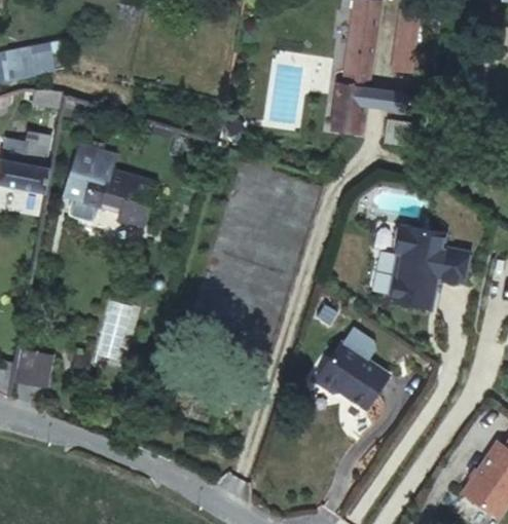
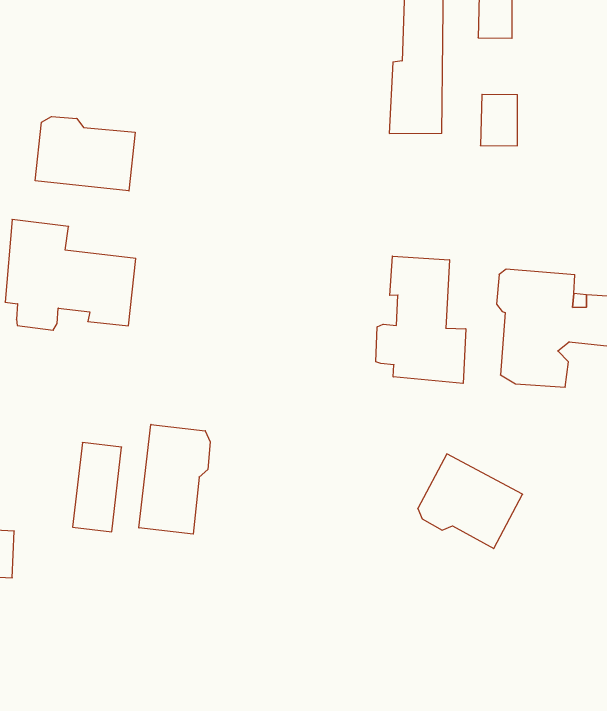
building: none -> [35,117,135,191]
building: none -> [376,256,466,383]
building: none -> [139,424,210,534]

